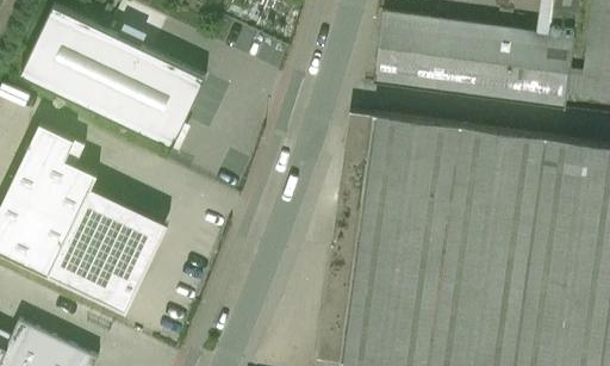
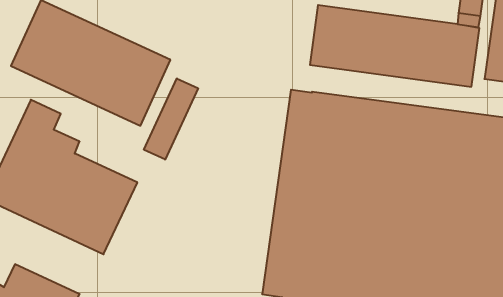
building: none -> [144,78,198,160]

